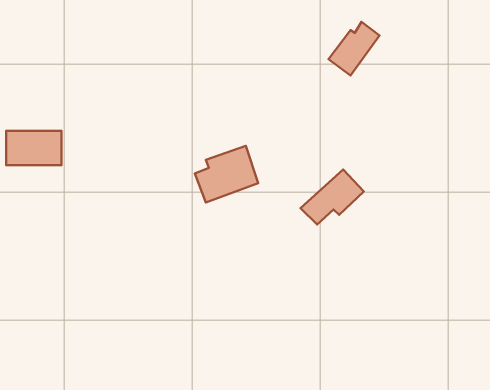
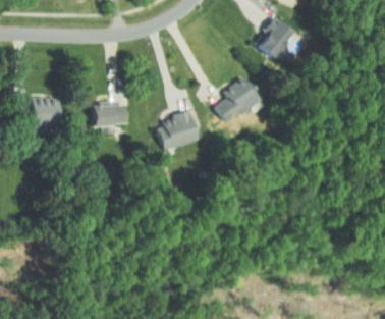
building: none -> [88,104,128,135]
building: [301,169,364,225] -> [215,83,262,123]

